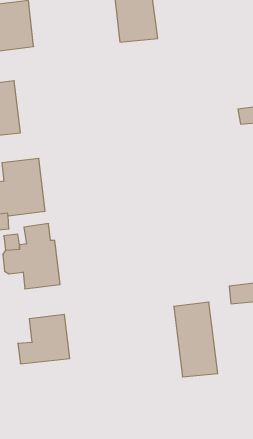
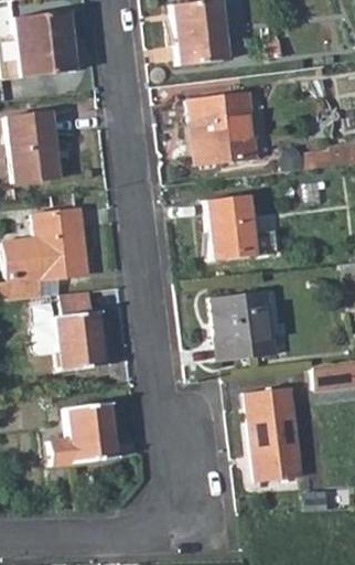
building: none -> [191,92,259,163]
building: none -> [209,194,258,258]
building: none -> [215,289,277,359]

